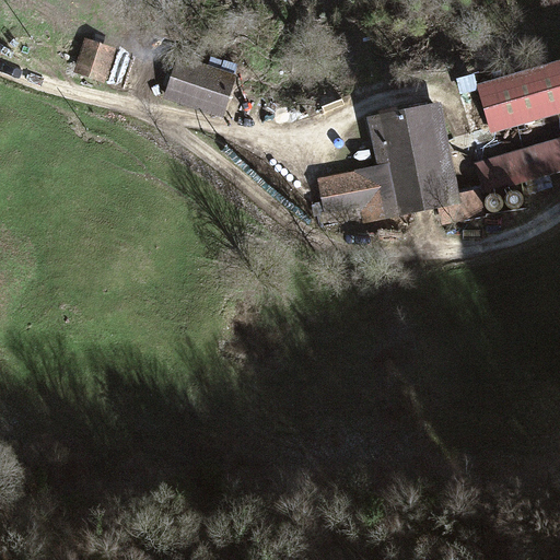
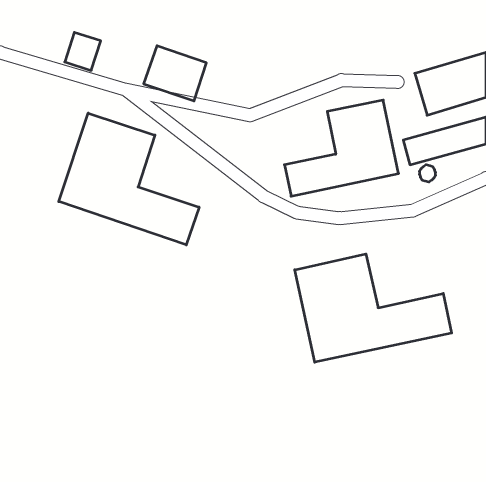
building: none -> [59,113,199,245]
building: none -> [295,254,452,362]

